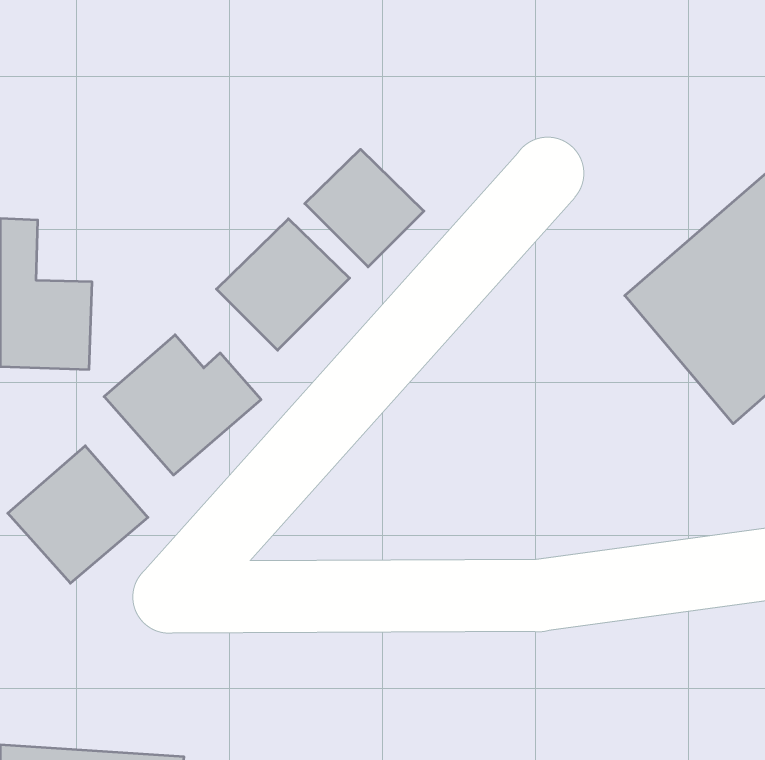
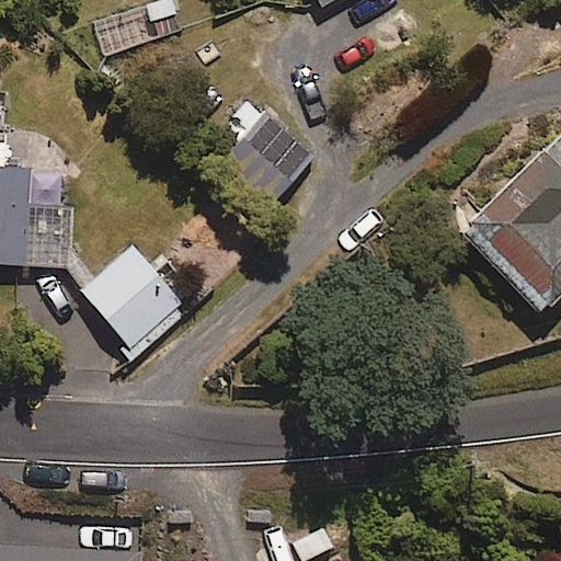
building: [216,219,350,350] -> none
building: [8,446,148,583] -> none

